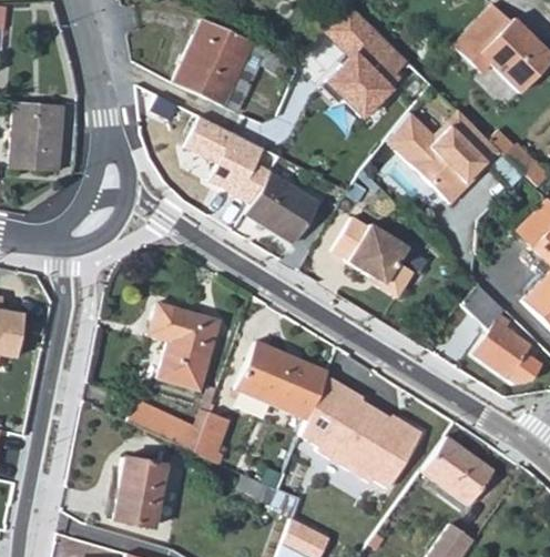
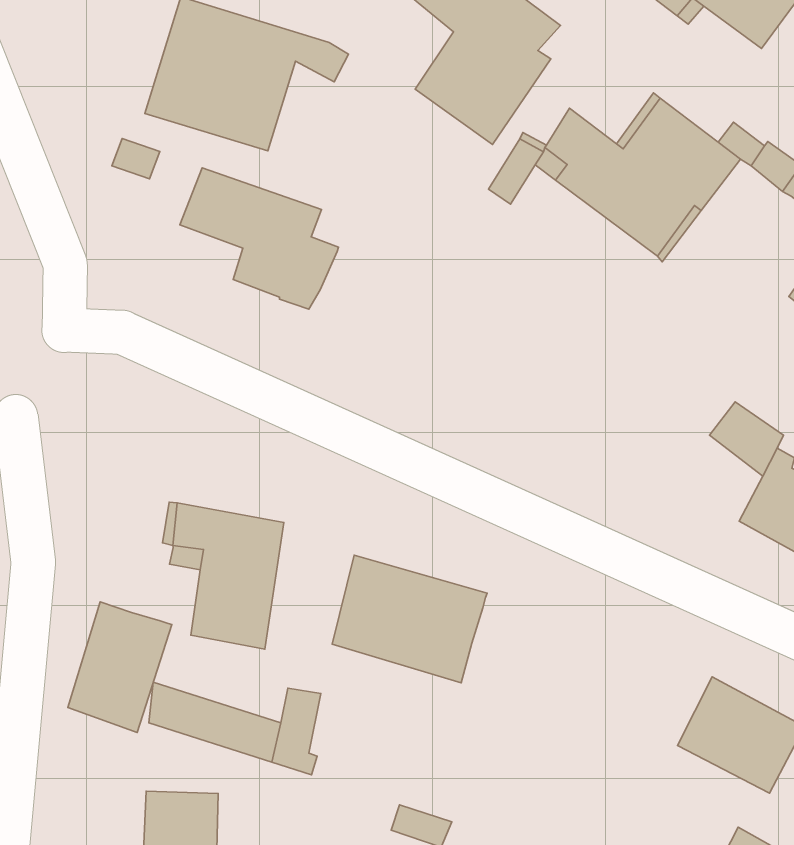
building: [245,172,317,241] -> none
building: [334,216,414,297] -> none
building: none -> [68,602,172,732]
building: [301,375,422,488] -> none

